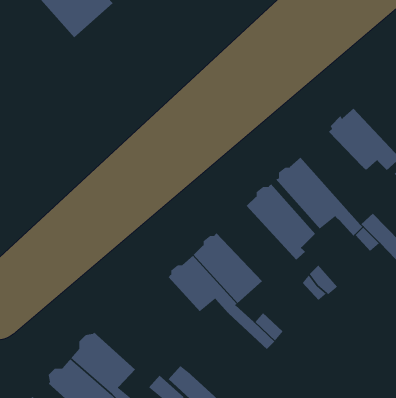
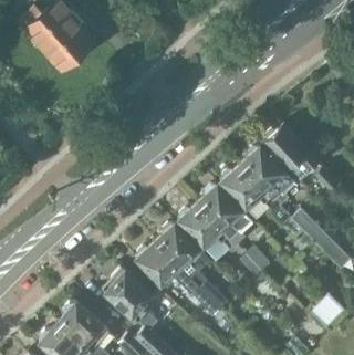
building: none -> [241,145,296,206]
building: none -> [178,201,238,259]
building: none -> [103,267,159,332]

